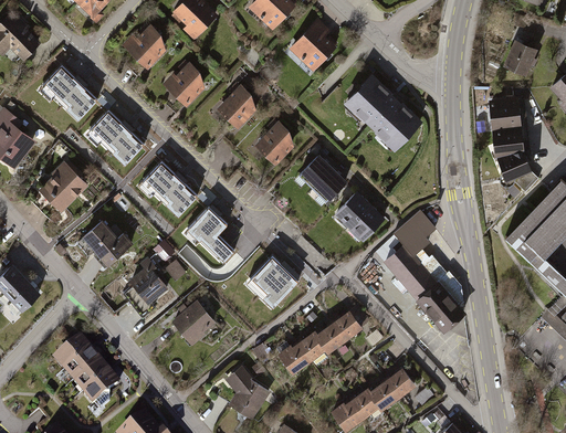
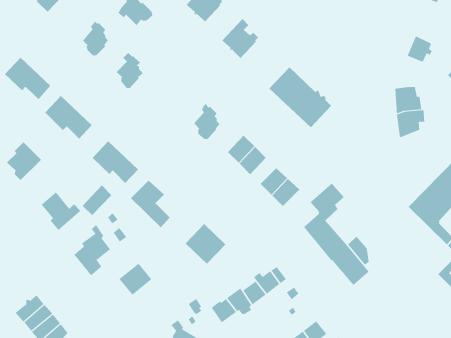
building: [221,83,253,125] -> none
building: [499,150,537,192] -> none
building: none -> [82,185,112,216]

